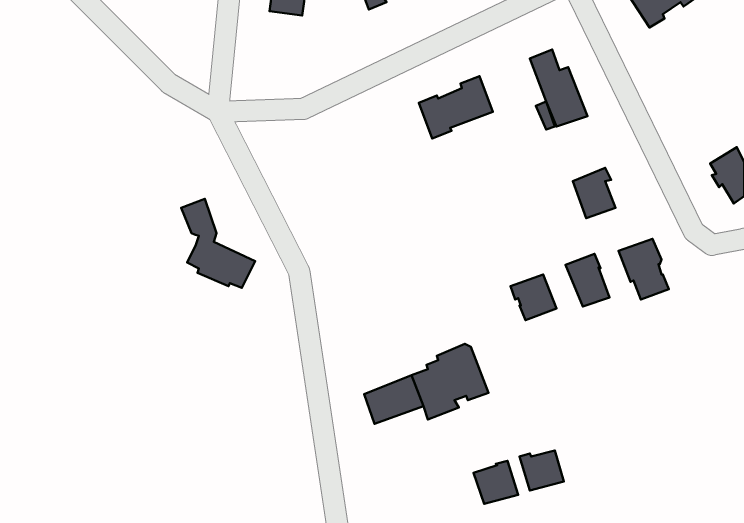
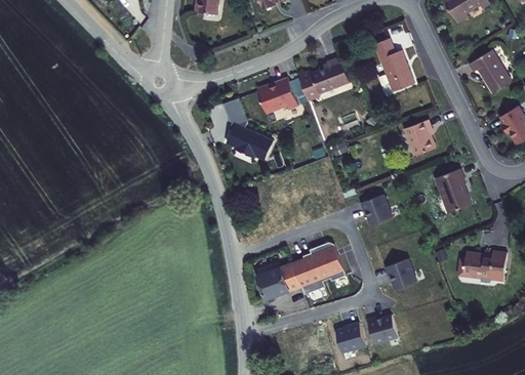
building: none -> [470,50,512,93]
building: none -> [257,77,298,111]
building: [181,199,255,288] -> [224,98,275,160]
building: [566,254,610,306] -> none
building: none -> [457,249,507,283]
building: none -> [387,258,417,290]

